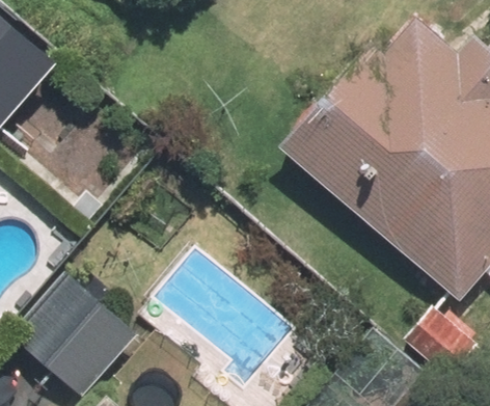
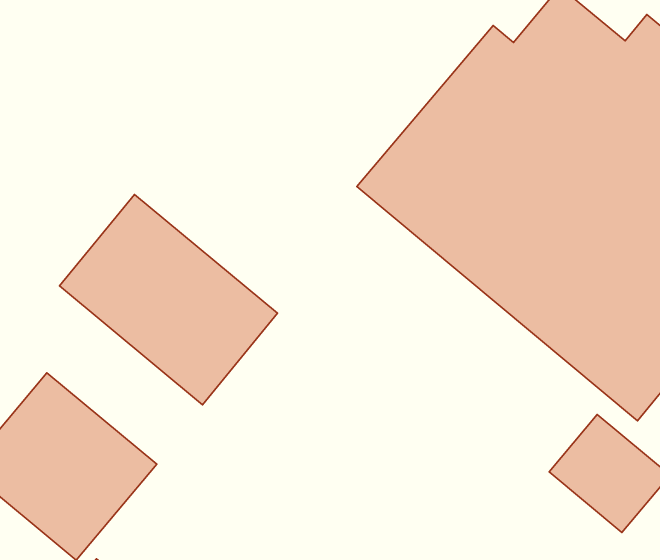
building: none -> [60,194,278,405]

